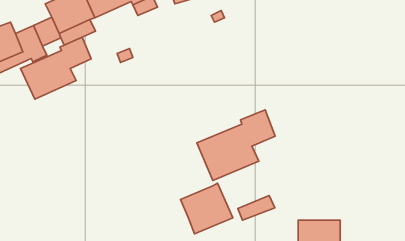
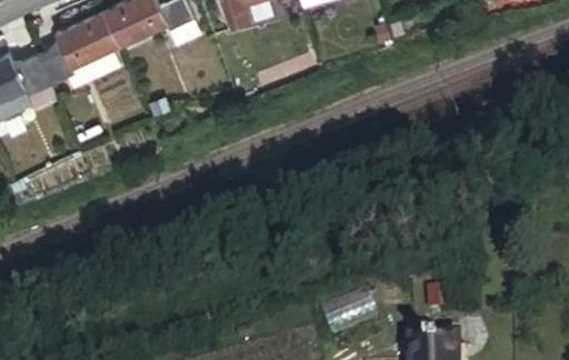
building: [21,37,91,99] -> none
building: [197,110,275,180] -> none
building: [181,183,233,234] -> none

